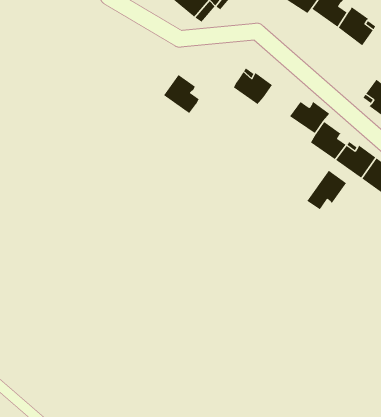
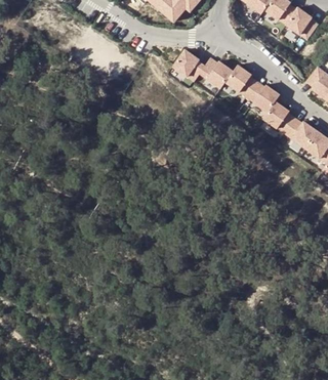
building: [163,74,199,114] -> [172,49,202,82]
building: none -> [226,65,255,97]
building: [307,170,347,210] -> none

